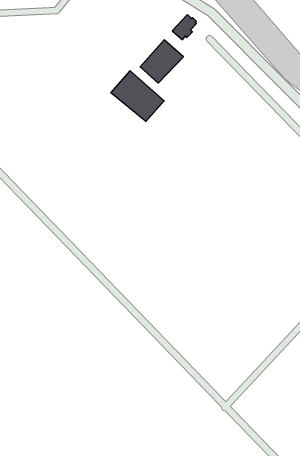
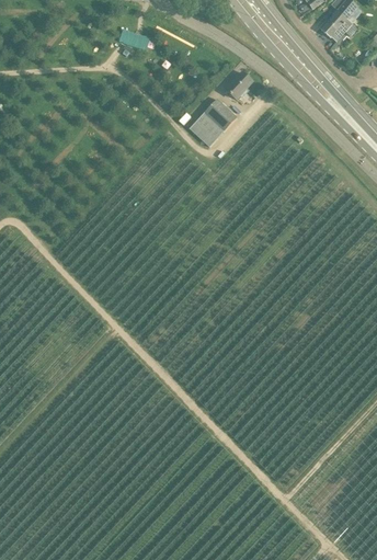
building: [111,71,164,122] -> none

